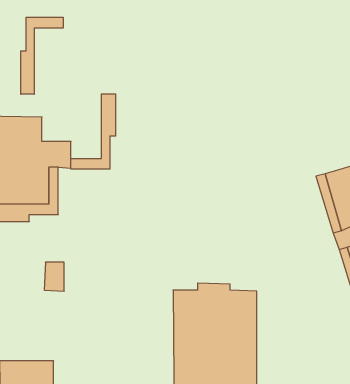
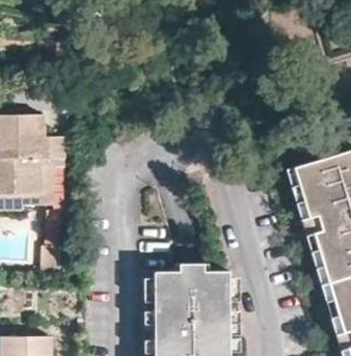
building: [21,17,63,94] -> none
building: [71,94,116,169] -> none

